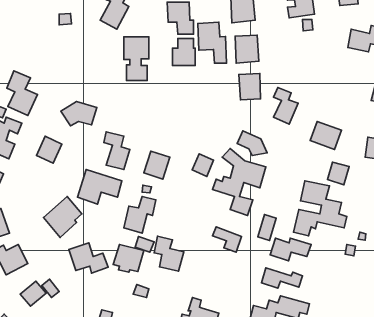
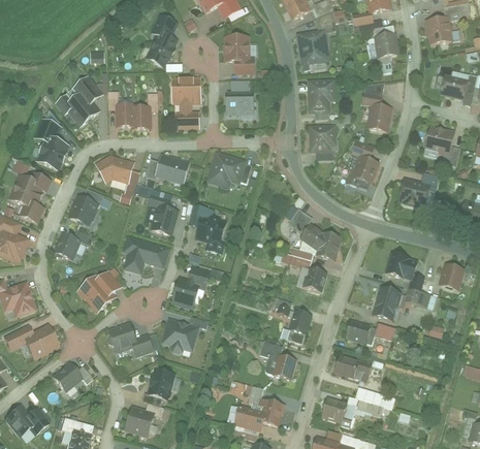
building: [198,22,227,63] -> none
building: none -> [56,76,103,128]
building: none -> [359,83,389,129]
building: none -> [116,105,150,133]
building: none -> [423,133,450,156]
building: none -> [206,152,247,190]
building: none -> [152,155,195,185]
building: [237,131,267,156] -> none
building: [192,154,214,176] -> none
building: [327,162,349,185] -> [439,265,465,292]
building: none -> [54,233,82,261]
building: [258,214,276,241] -> none
building: [154,236,184,271] -> [259,335,294,377]
building: none -> [148,370,175,402]

